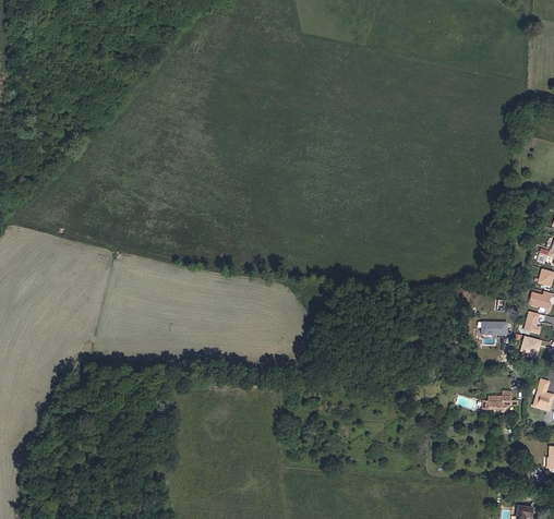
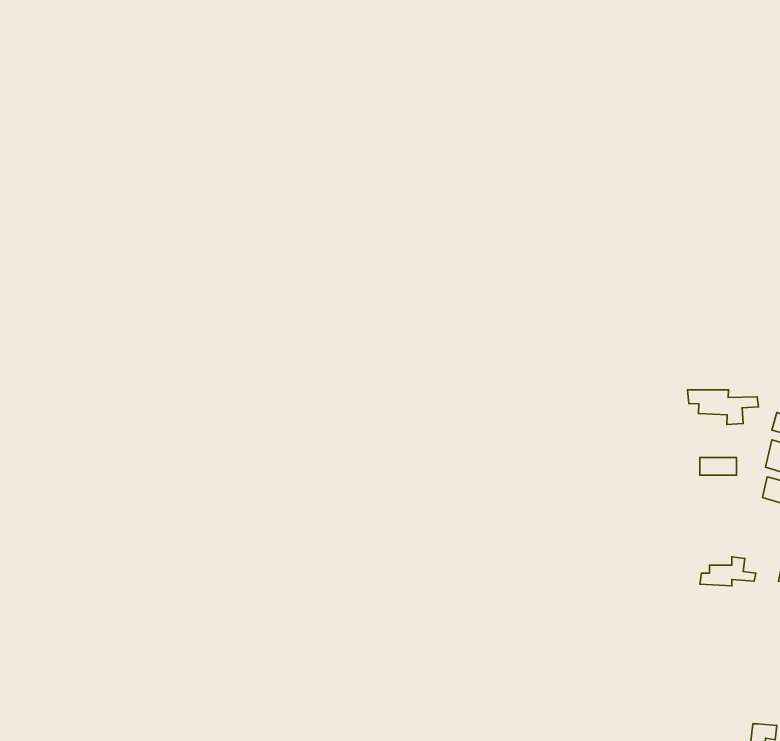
building: none -> [687,390,759,425]

